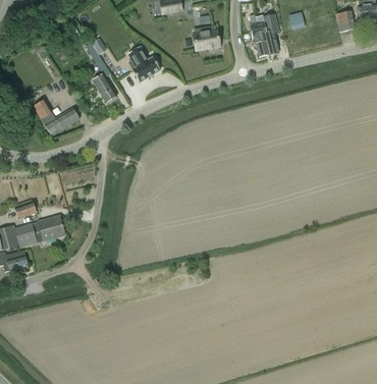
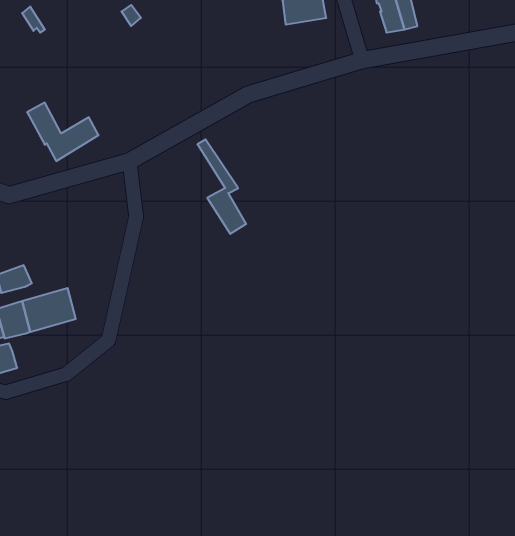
building: [86,43,116,102] -> [197,139,246,234]
building: [127,46,160,81] -> none

